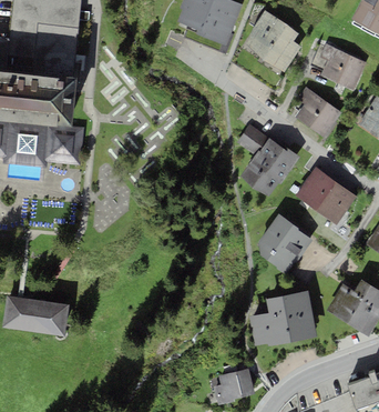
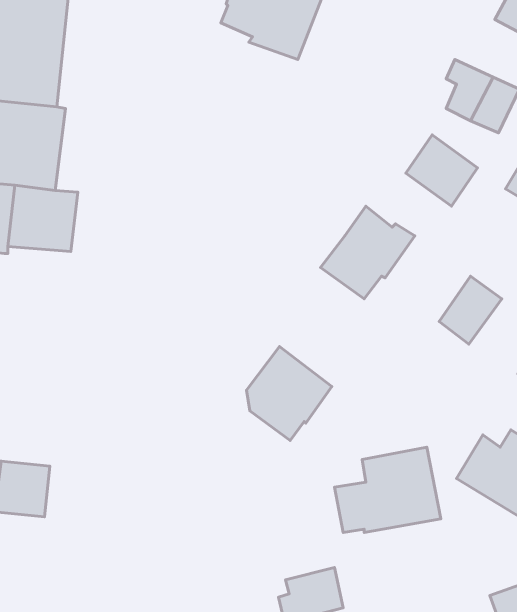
building: [247,11,301,72] -> none
building: [237,124,269,157] -> none
building: [296,168,336,211] -> none
building: [258,214,313,274] -> [246,346,332,441]

